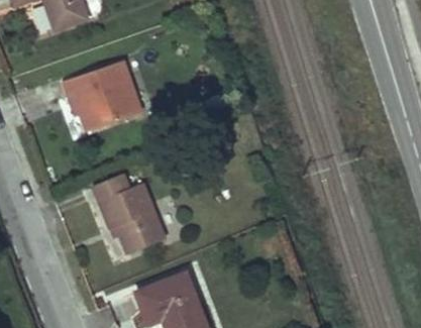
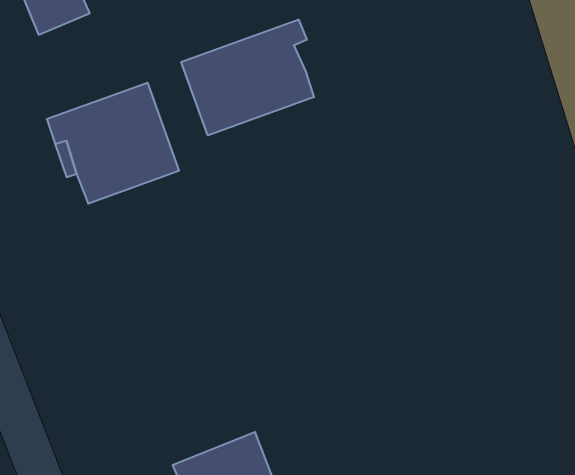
building: none -> [181,20,314,135]
building: [93,175,166,254] -> none

